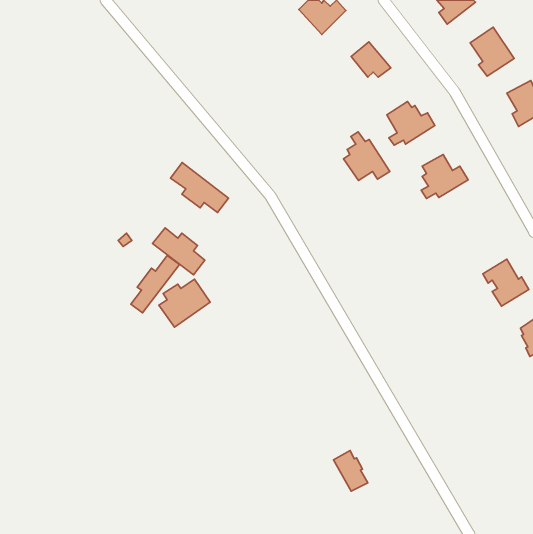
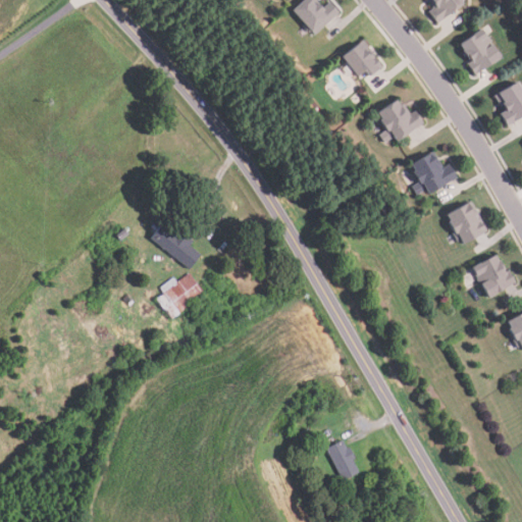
building: [343,132,390,181] -> none
building: [171,163,228,213] -> none
building: none -> [448,201,487,245]
building: [131,255,180,313] -> none

